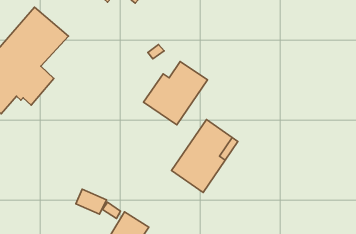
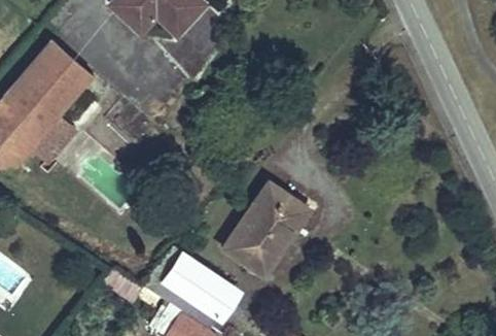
building: [143,61,208,125] -> none
building: none -> [150,248,236,321]

